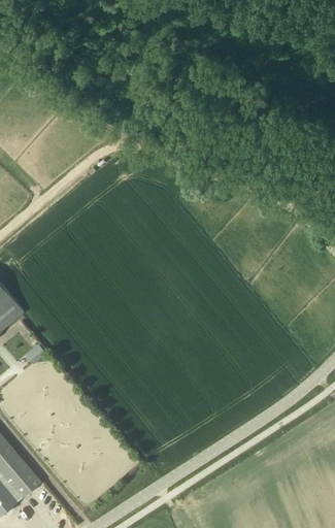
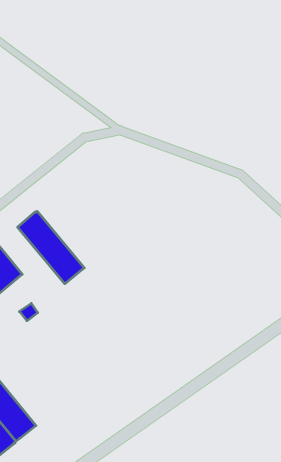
building: none -> [18,211,84,284]

